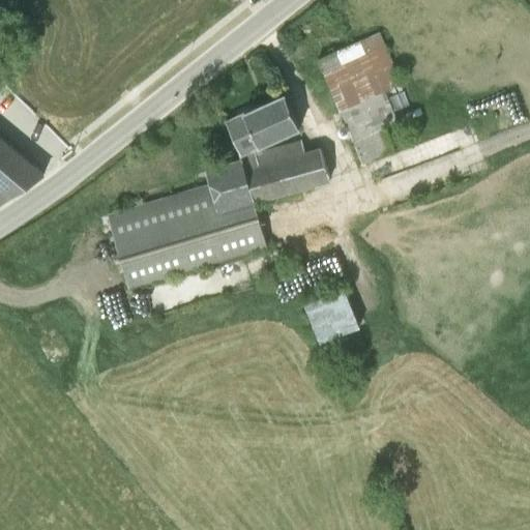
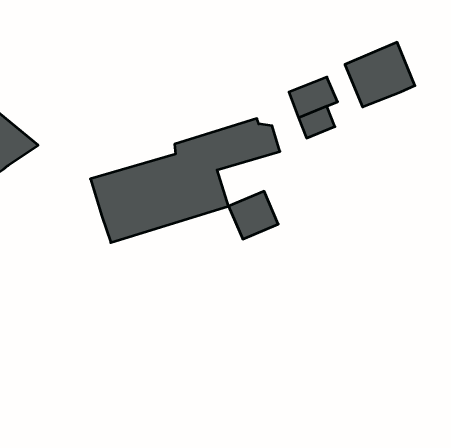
building: [317,37,399,113] -> [345,42,415,107]
building: [224,95,298,158] -> none
building: [306,286,364,342] -> [229,191,278,239]

